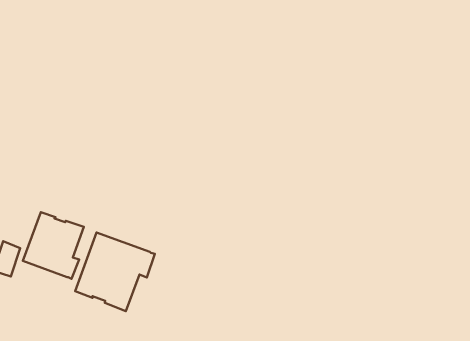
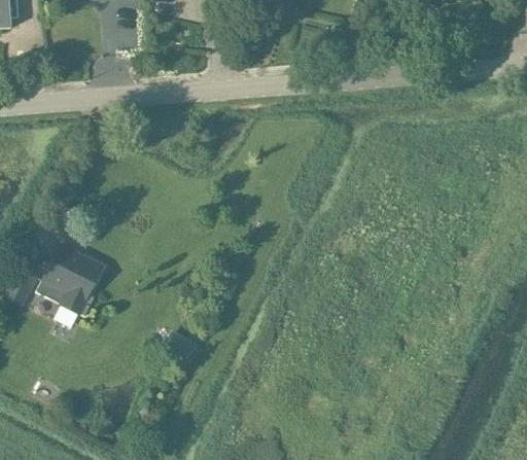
building: [75,232,155,311] -> none

